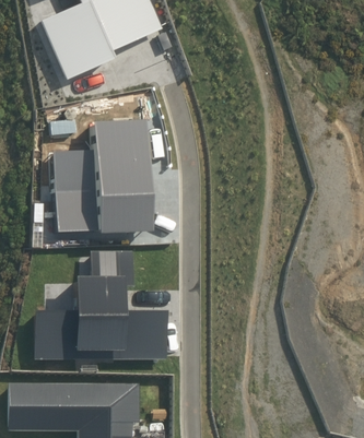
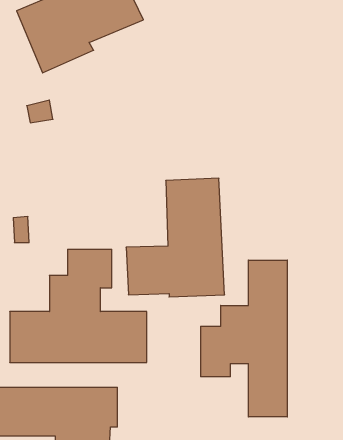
building: [55,119,150,234] -> [126,178,225,297]
building: none -> [201,260,287,417]

